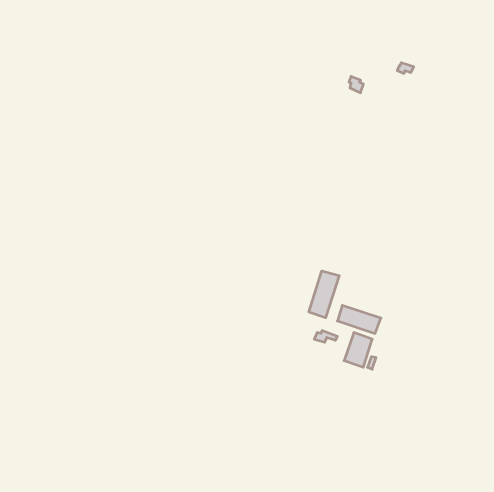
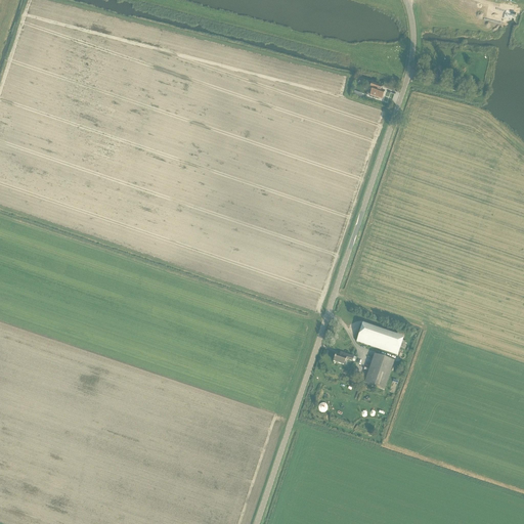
building: [309,271,339,318] -> none

